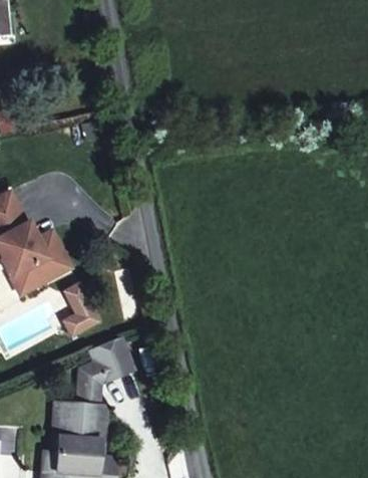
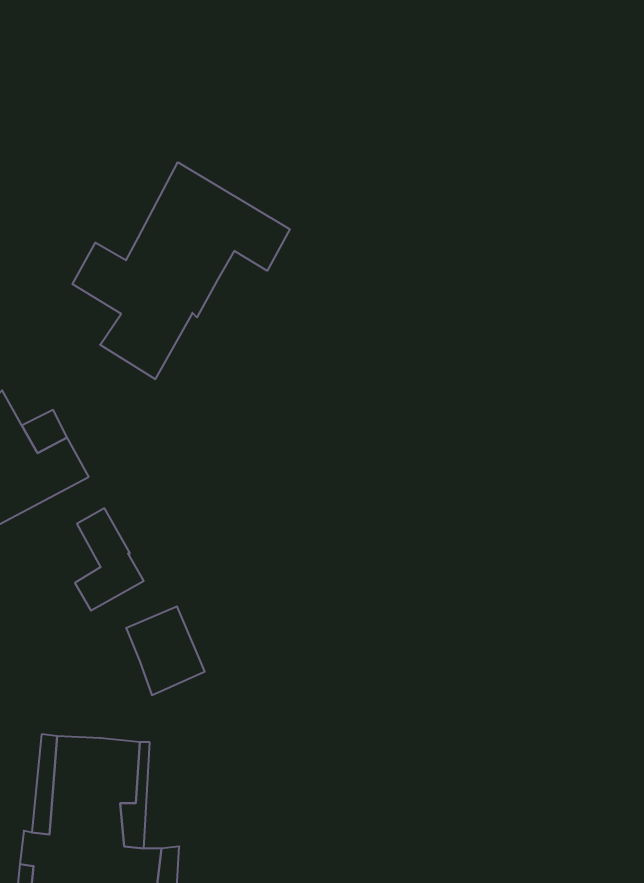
building: none -> [73,162,290,379]
building: [78,361,104,402] -> none

